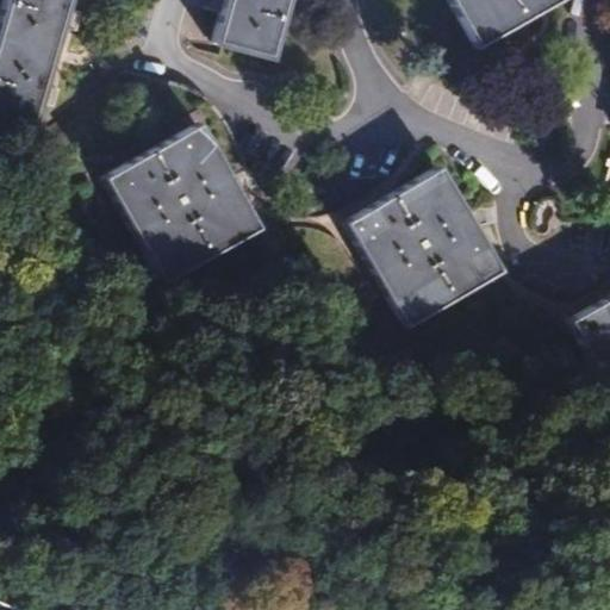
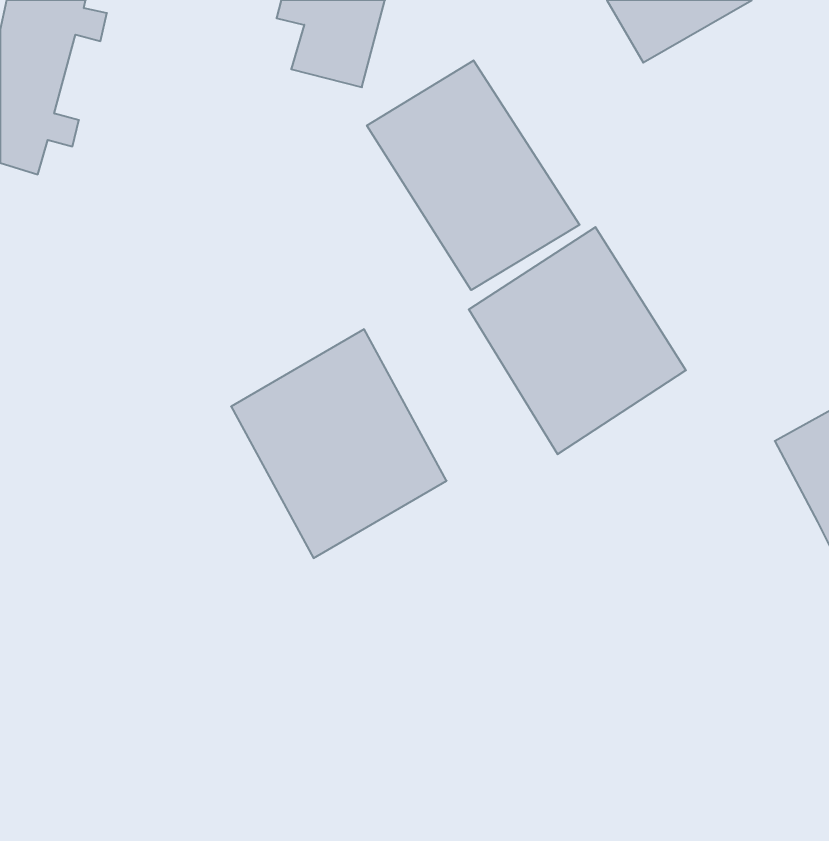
building: none -> [367,60,580,290]
building: [108,122,264,287] -> [231,329,447,558]

